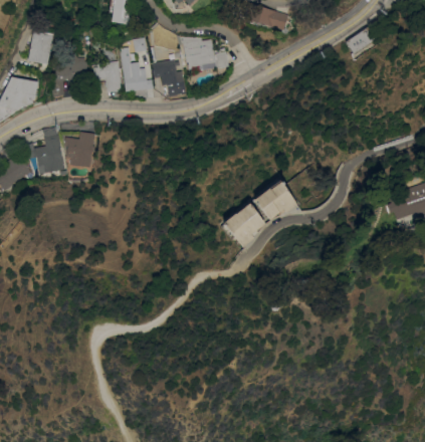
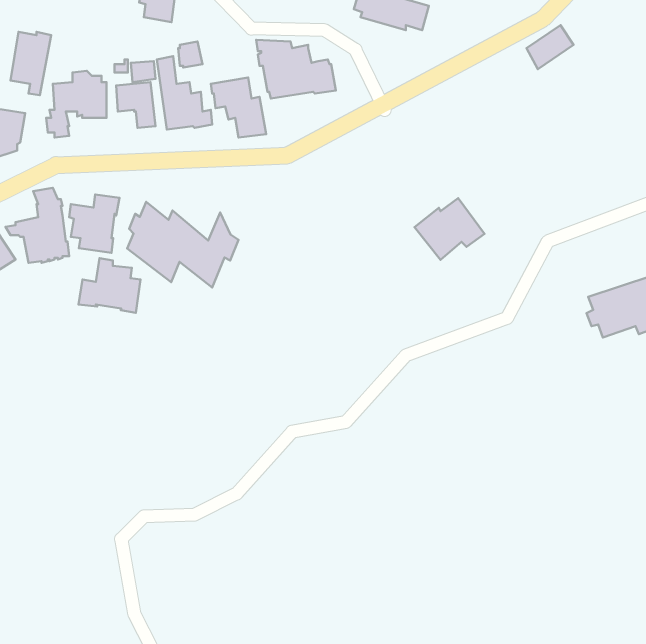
building: none -> [127,202,238,287]
building: none -> [78,258,141,313]
building: [253,182,296,220] -> [414,198,484,260]
building: [222,203,264,247] -> none

